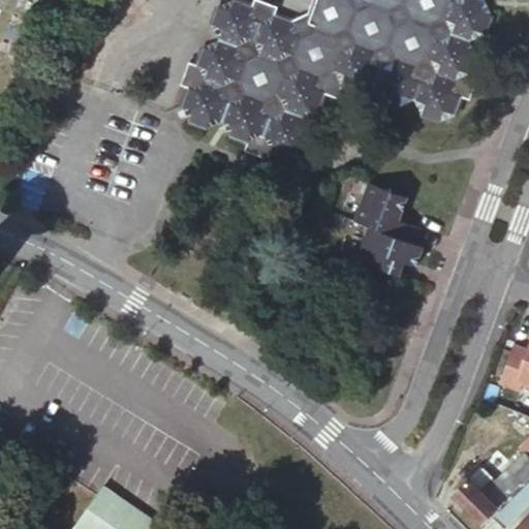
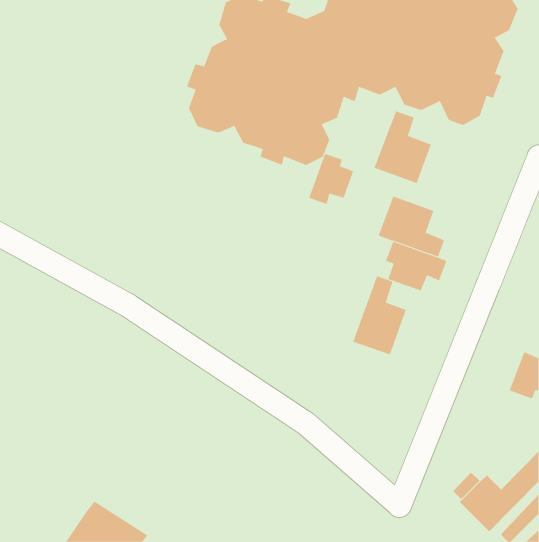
building: none -> [374,110,431,184]
building: none -> [309,153,354,205]
building: none -> [353,275,406,355]

